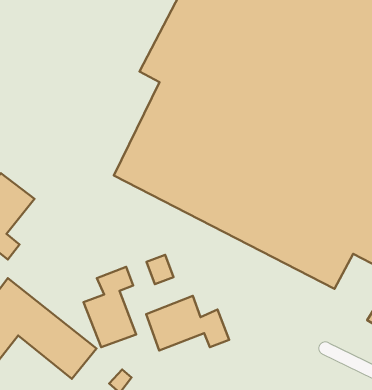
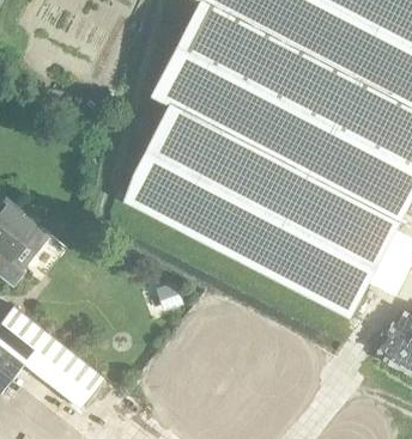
building: [84,267,136,347] -> none
building: [146,296,229,350] -> none

